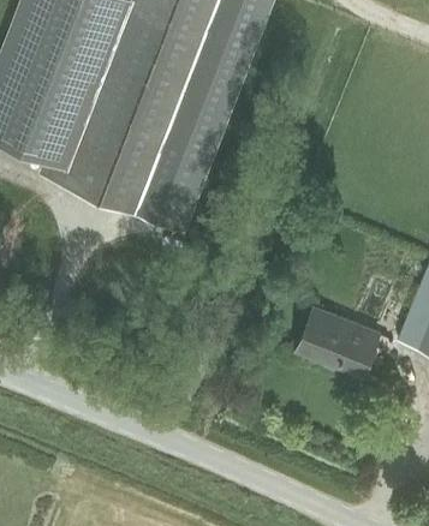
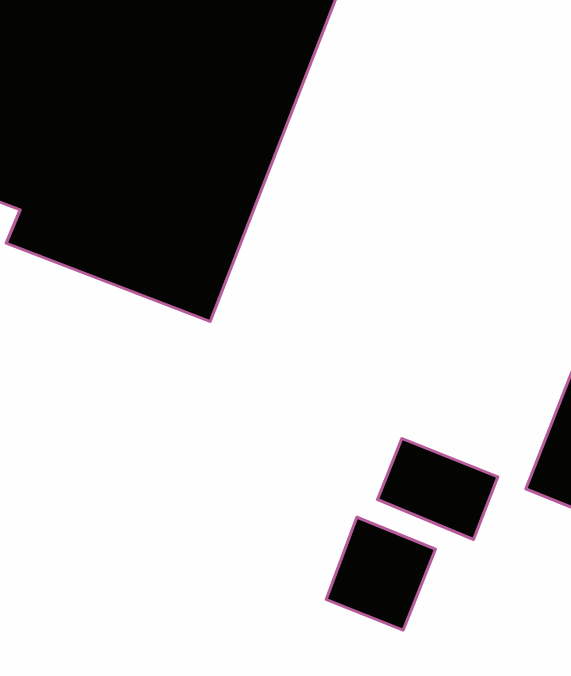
building: none -> [326,517,435,630]

